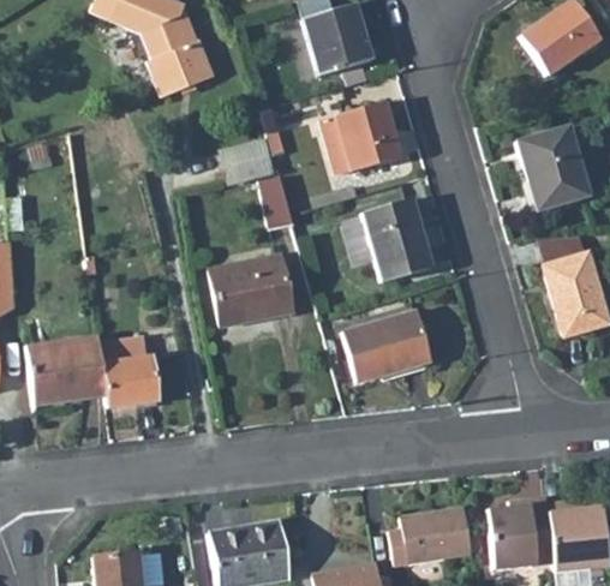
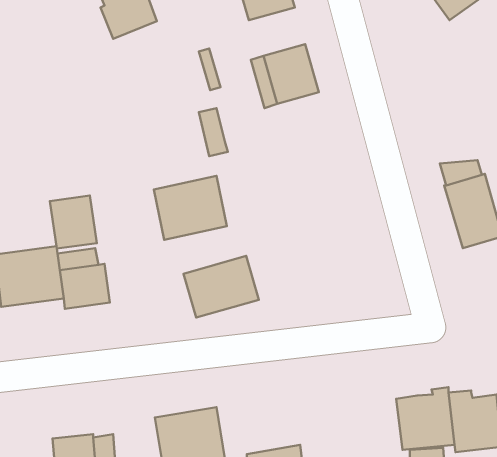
building: [516,126,588,211] -> none
building: [363,199,431,282] -> none
building: none -> [50,196,97,249]
building: [343,311,430,382] -> [184,256,259,318]
building: [390,506,473,566] -> none

